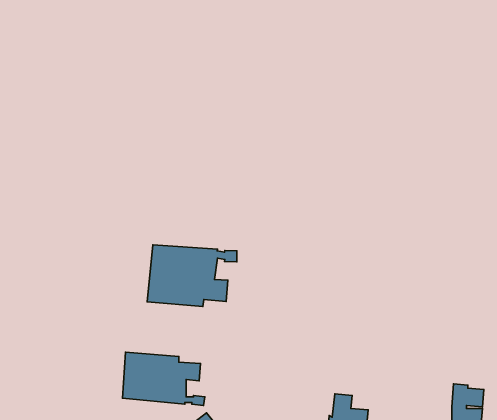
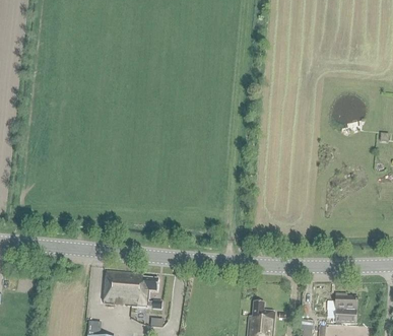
building: [147,245,237,306] -> none

